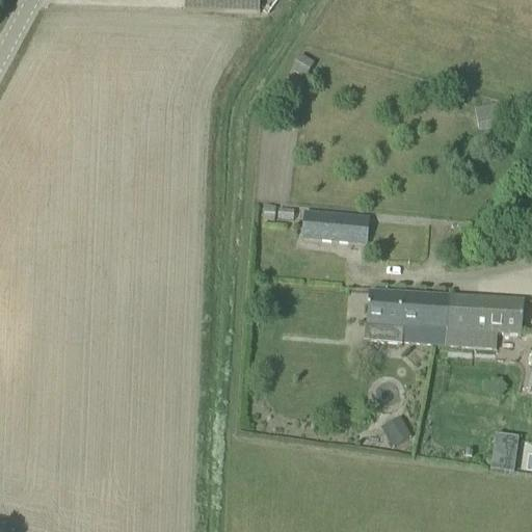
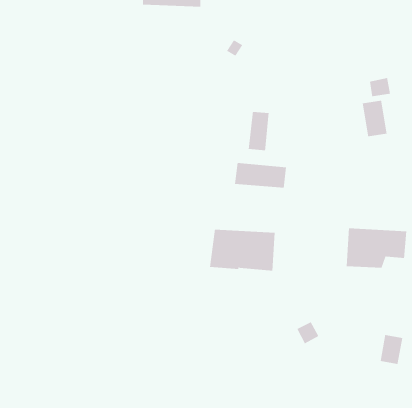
building: none -> [362,100,387,137]
building: none -> [248,111,269,151]
building: [364,289,449,343] -> [209,229,275,271]

